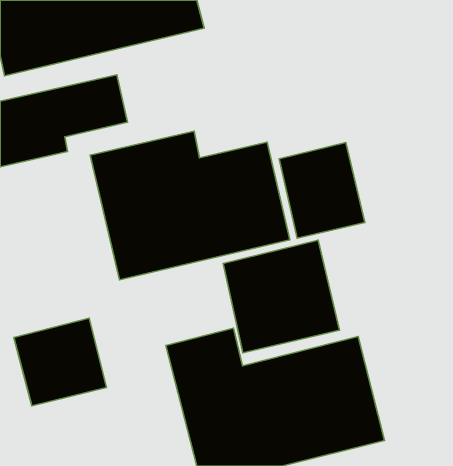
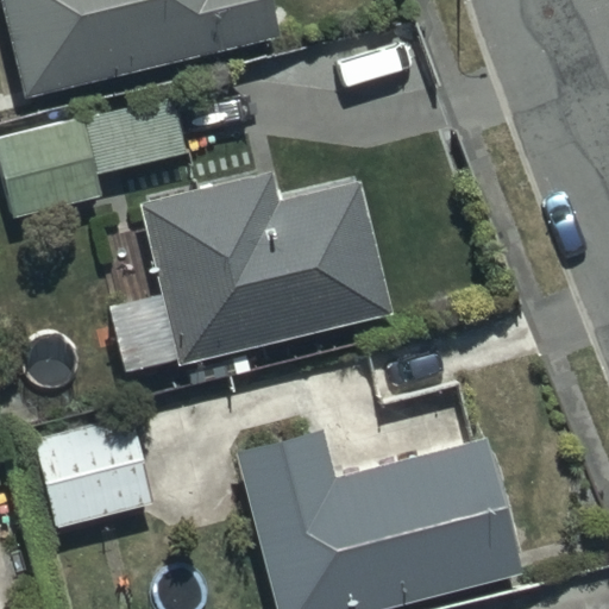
building: [279,142,365,238] -> none
building: [223,240,339,353] -> none

